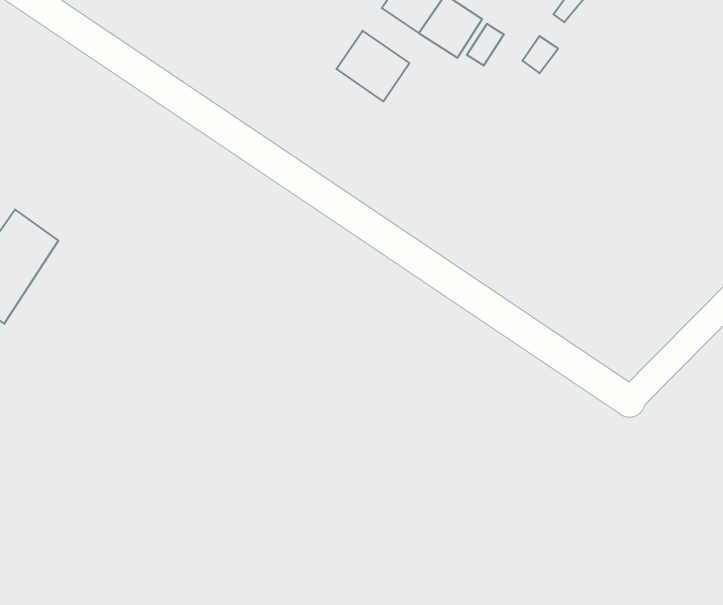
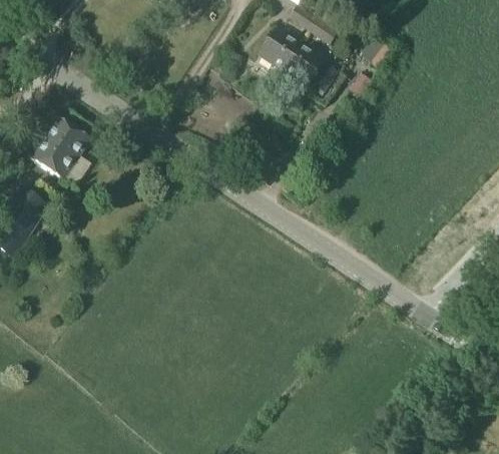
building: [336,31,409,101] -> none
building: none -> [32,117,89,177]

